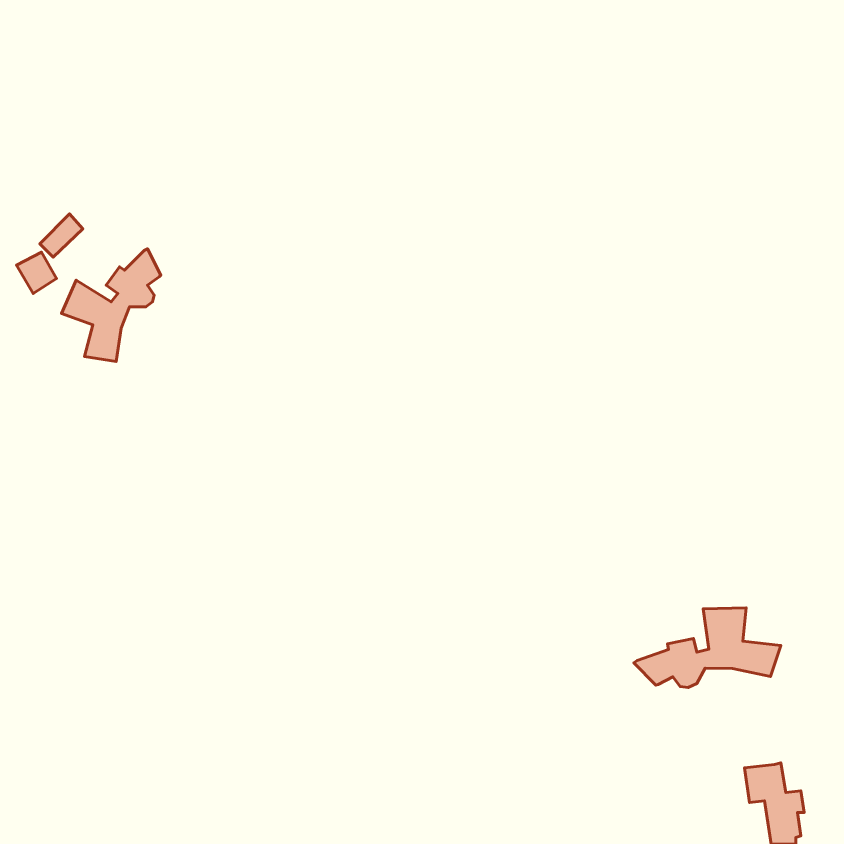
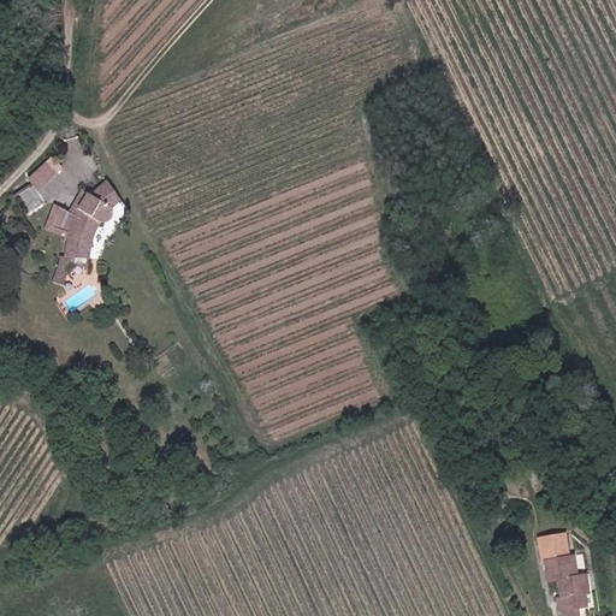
building: [634,608,781,688] -> none
building: none -> [535,532,564,558]

